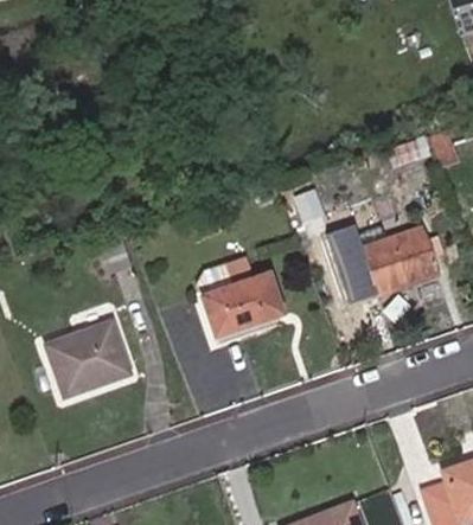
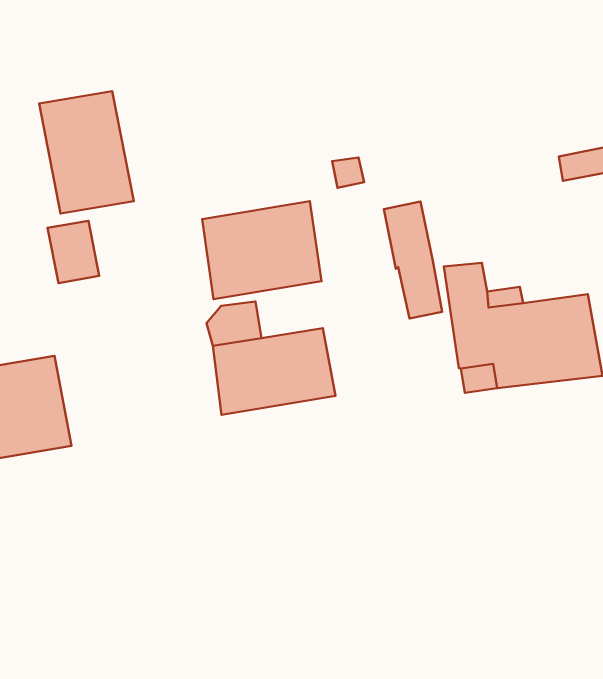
building: none -> [39,91,134,214]
building: none -> [202,201,321,299]

